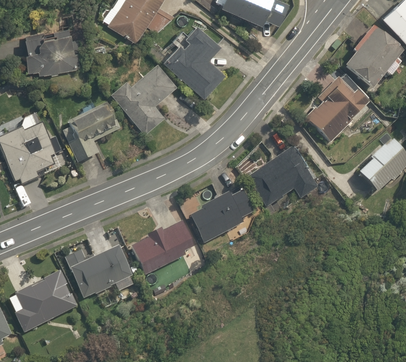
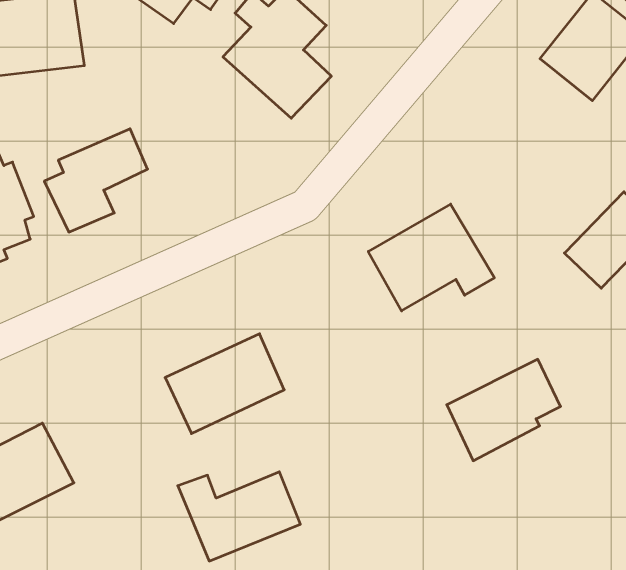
building: [111,63,176,138] -> none
building: [306,82,368,145] -> none
building: [189,187,254,245] -> [447,359,561,461]
building: [62,247,132,298] -> [178,472,300,561]

